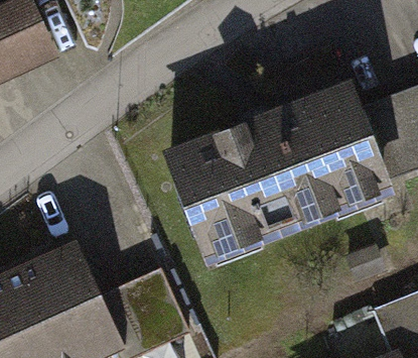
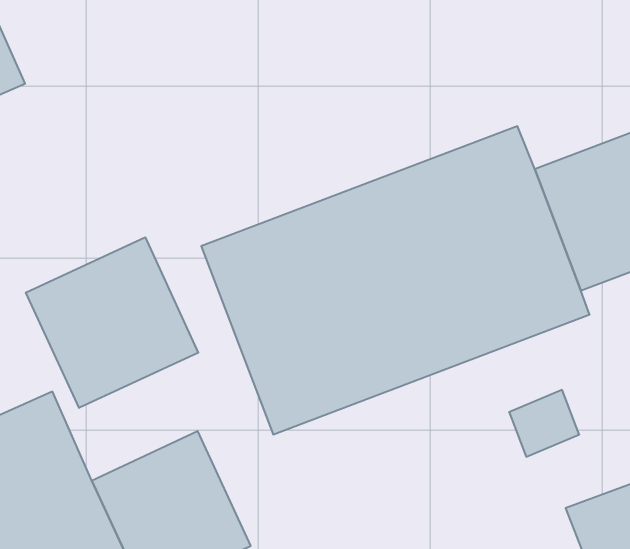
building: none -> [26,237,198,408]

